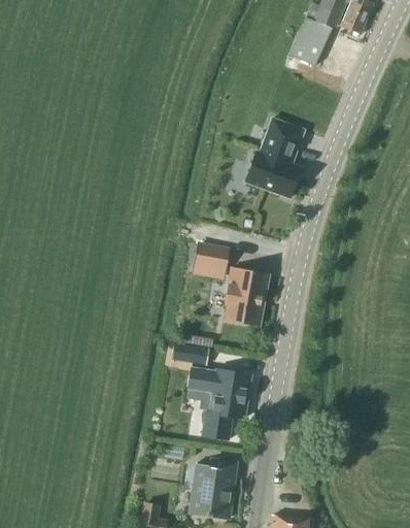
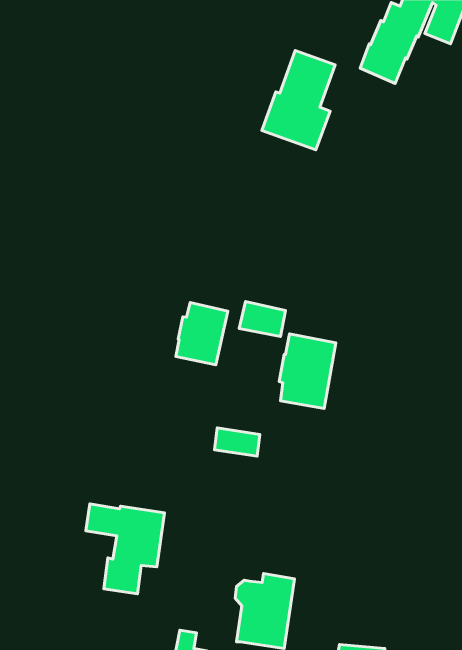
building: [245,119,304,198] -> [262,51,335,150]
building: none -> [176,303,228,365]
building: [187,368,250,440] -> [86,504,164,594]

